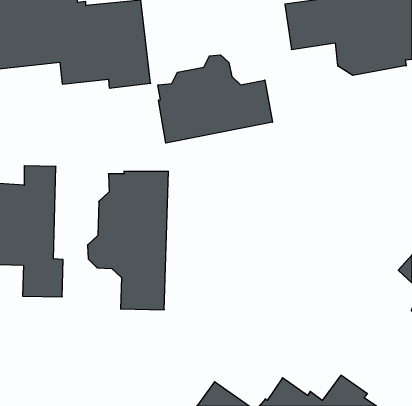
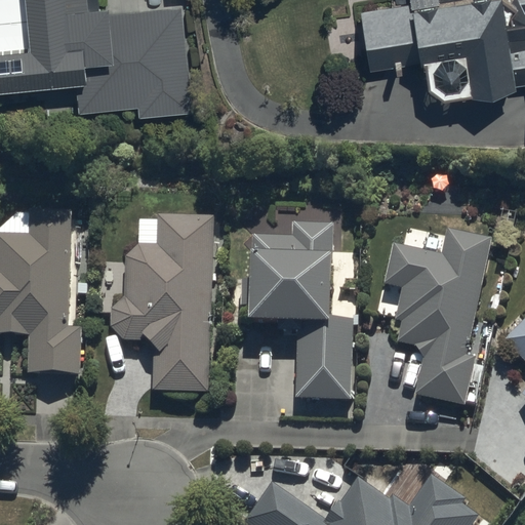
building: [158,55,273,143] -> none
building: none -> [242,224,353,400]
building: none -> [385,231,491,406]

